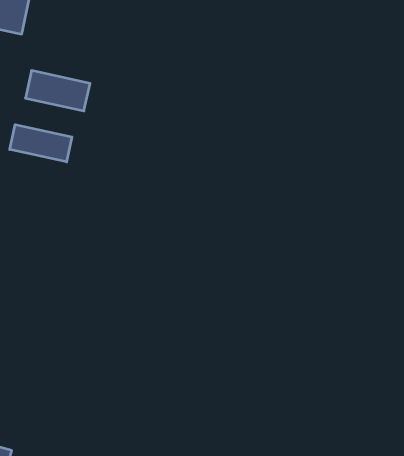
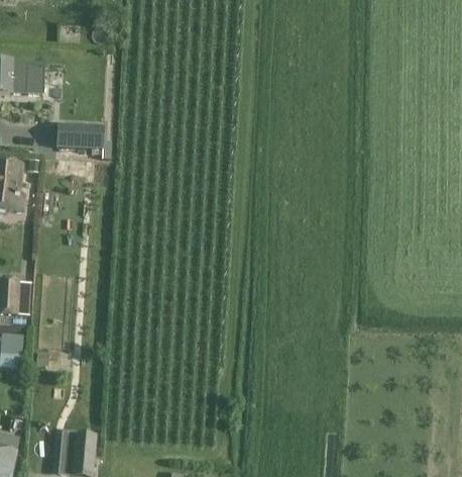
building: [10,125,72,162] -> none

